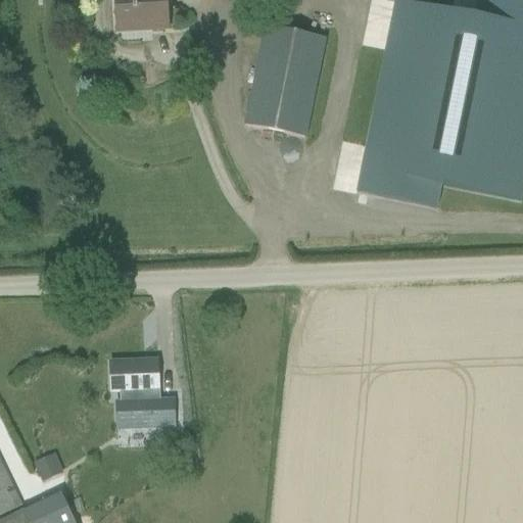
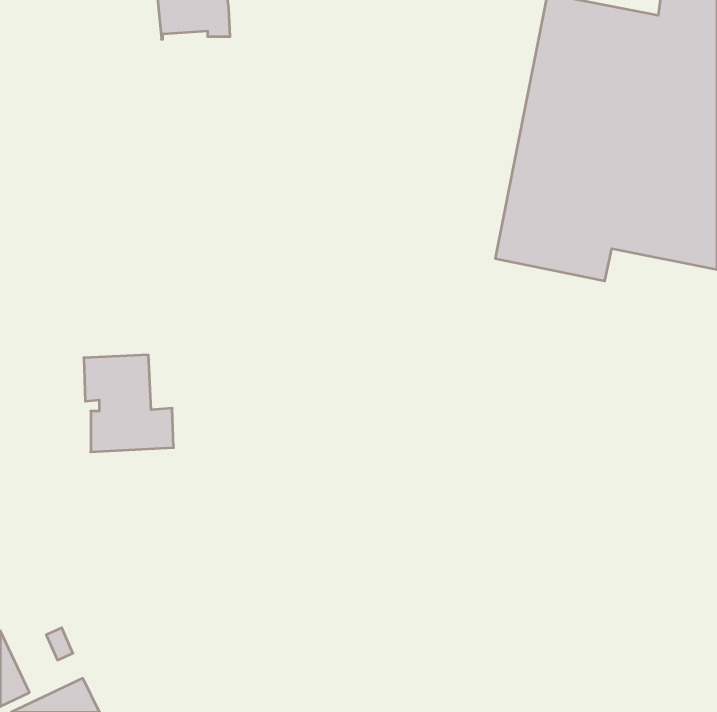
building: [245,26,325,136] -> none
building: [110,360,176,430] -> [84,355,174,452]

